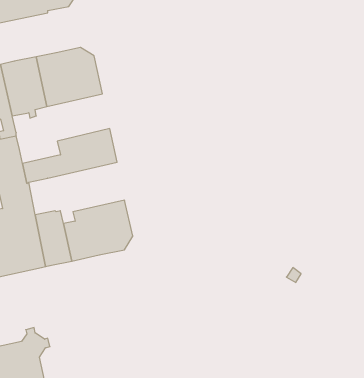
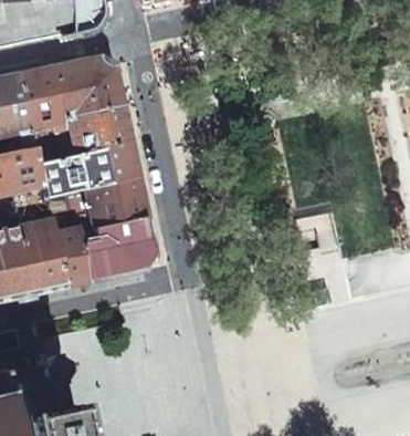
building: none -> [34,106,133,165]
building: none -> [67,178,148,230]

